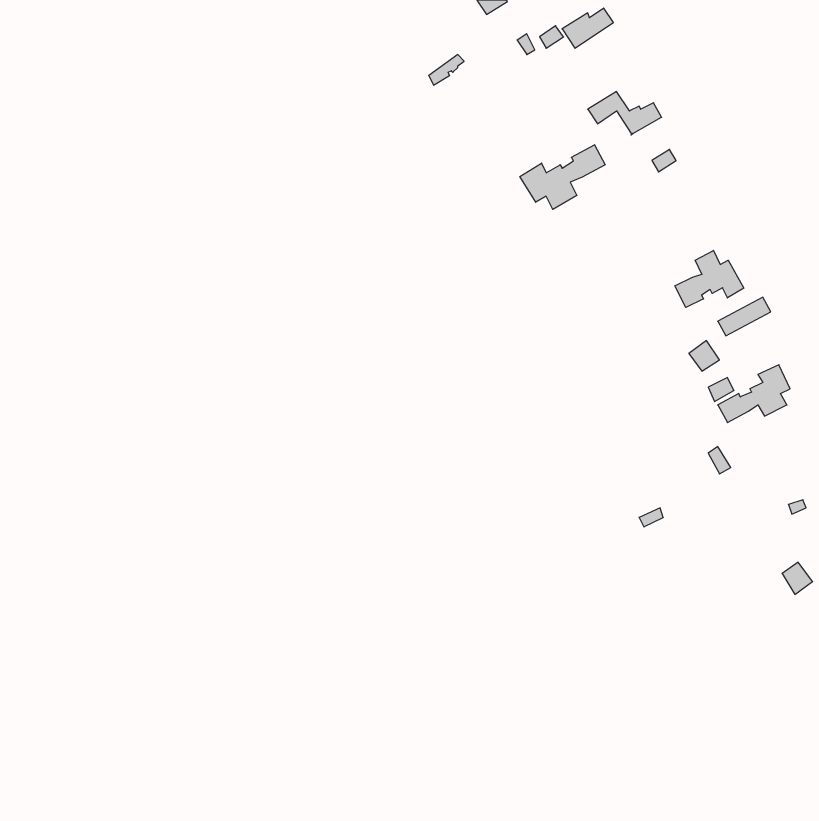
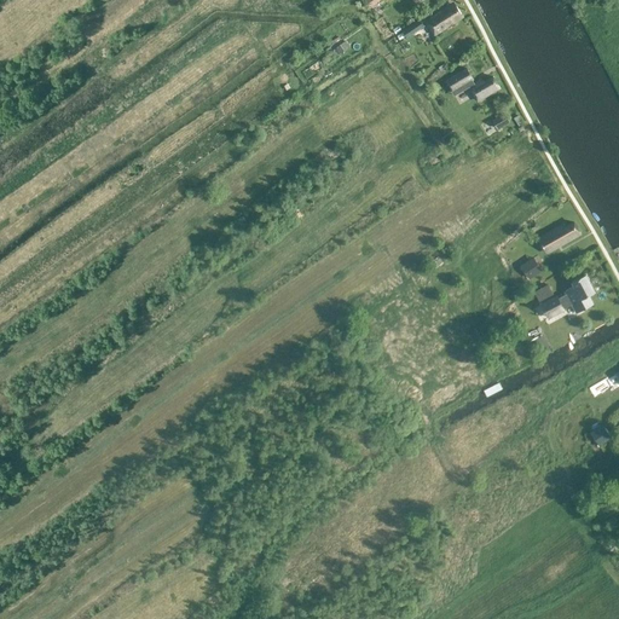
building: [520,145,605,209] -> none
building: [675,250,744,307] -> none

